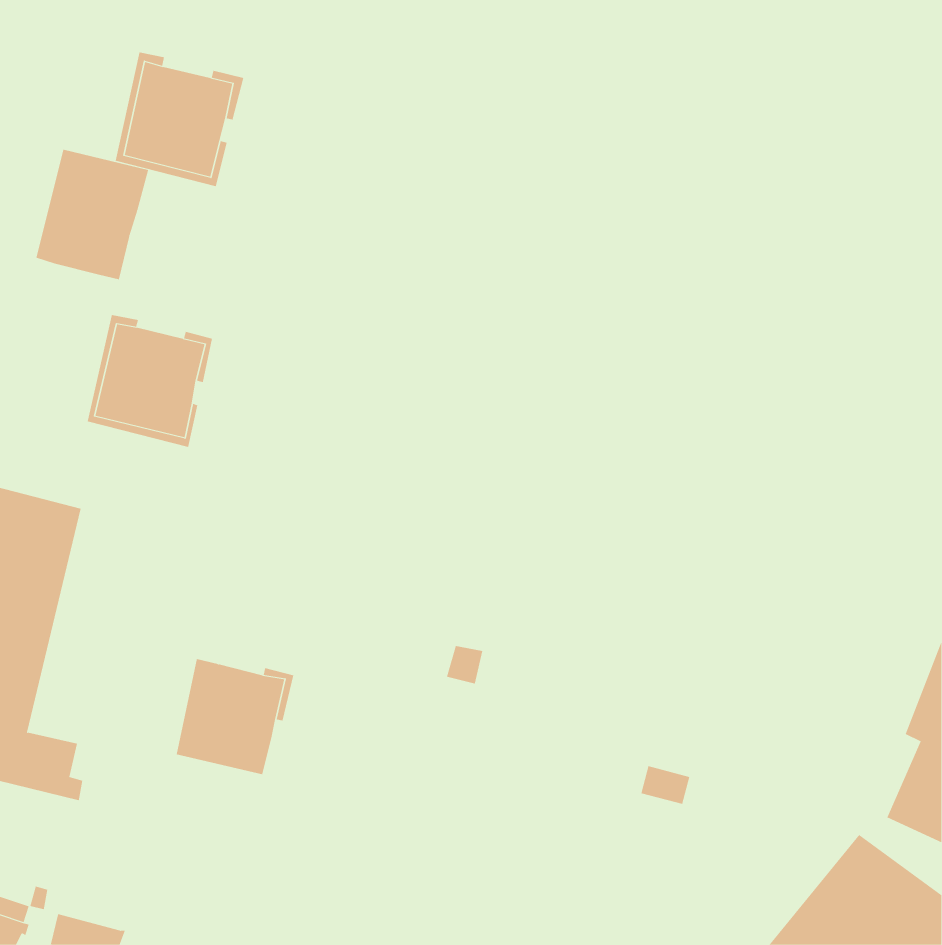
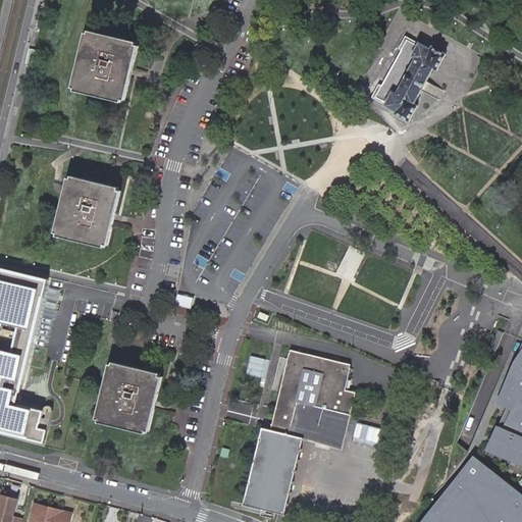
building: none -> [376,40,438,117]
building: [36,149,149,280] -> none
building: none -> [241,352,353,517]
building: none -> [93,358,154,432]

